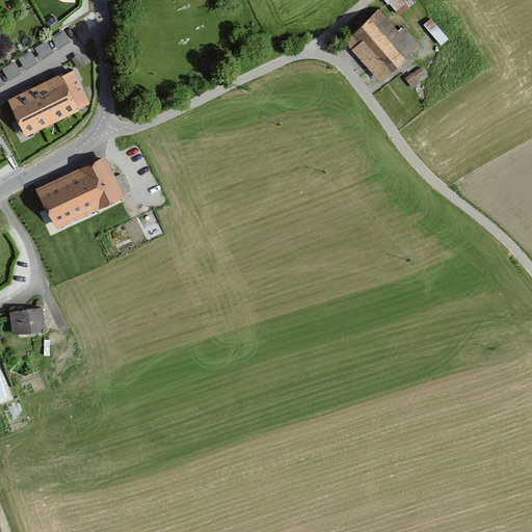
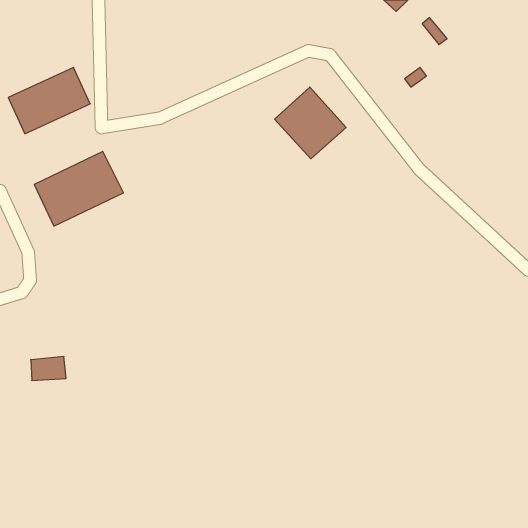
building: [344,8,416,80] -> [275,87,346,159]
building: [9,310,45,334] -> [31,357,66,380]

